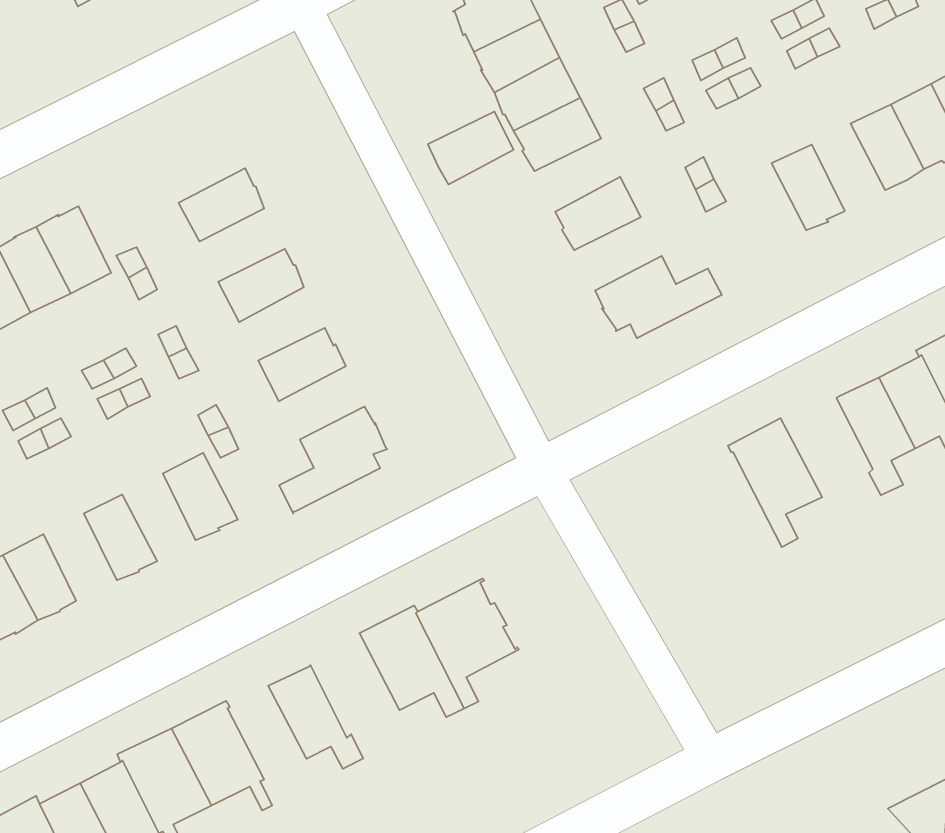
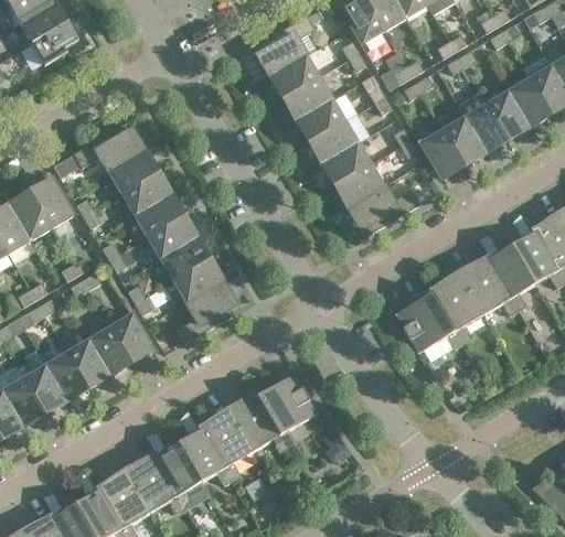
building: [428,111,513,185] -> [308,120,356,163]
building: none -> [72,125,145,172]
building: none -> [463,103,507,152]
building: none -> [419,128,463,178]
building: none -> [121,172,170,215]
building: none -> [333,163,383,206]
building: none -> [147,215,195,258]
building: none -> [172,258,221,301]
building: none -> [456,254,515,314]
building: none -> [393,292,461,353]
building: none -> [87,325,130,375]
building: none -> [44,351,87,400]
building: none -> [196,408,252,479]
building: none -> [154,441,201,508]

